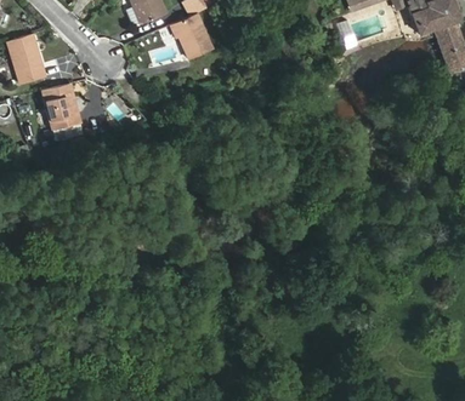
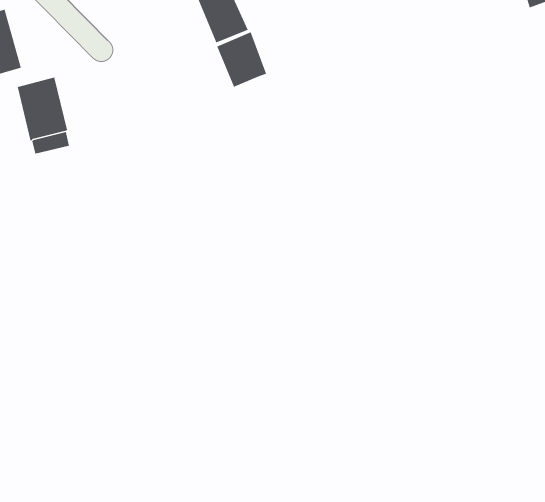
building: none -> [216,31,267,88]

